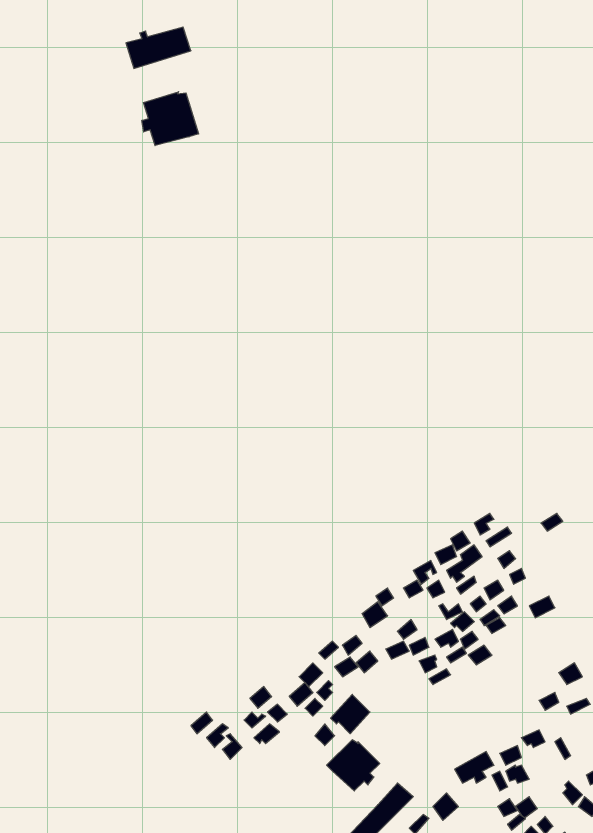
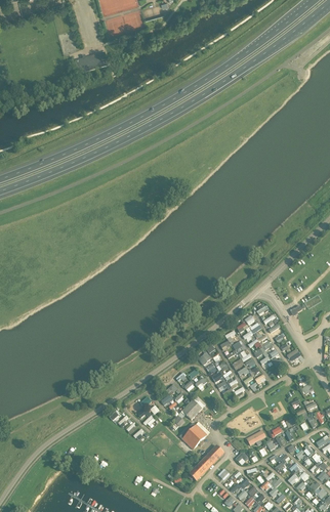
building: [142,92,199,146] -> none

